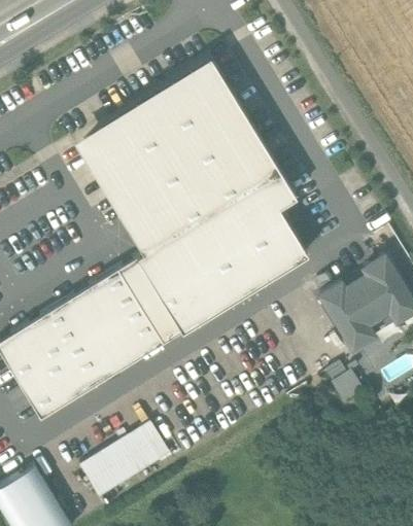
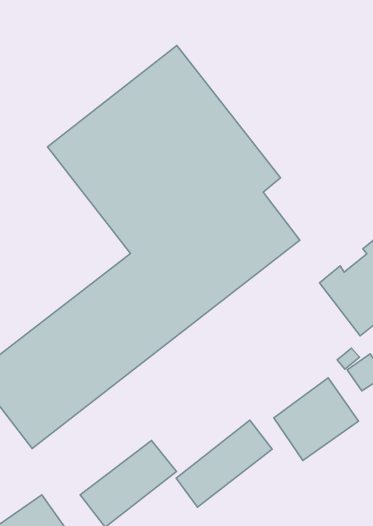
building: none -> [274,378,359,460]
building: none -> [176,420,272,507]

